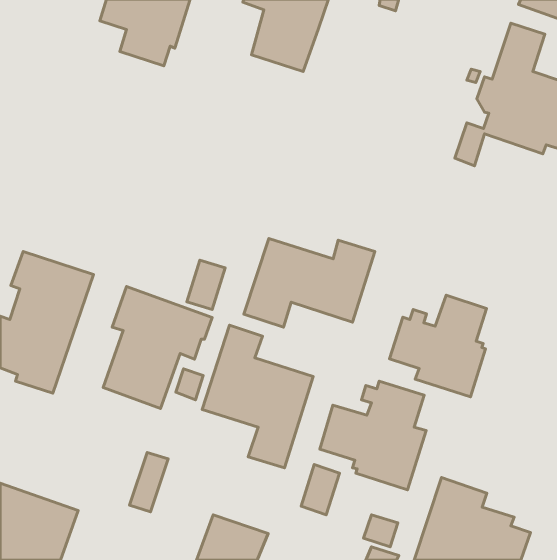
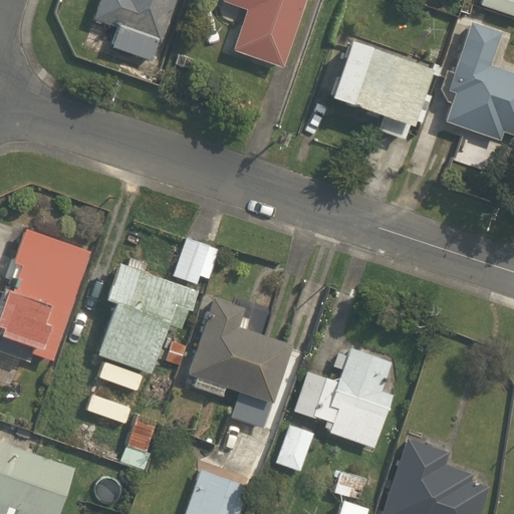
building: none -> [331,42,430,125]
building: [244,238,375,327] -> none
building: [390,295,487,397] -> none

